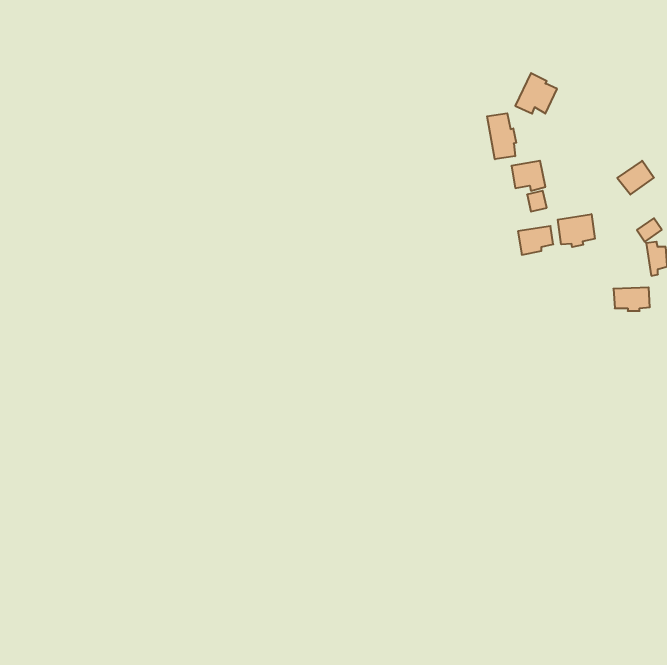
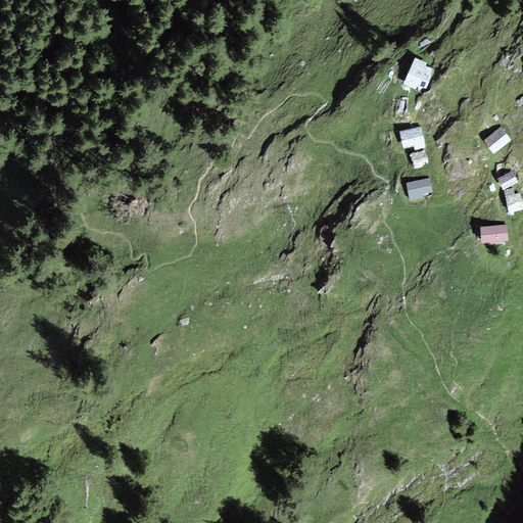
building: [487,113,516,159] -> none
building: [558,214,595,247] -> none

